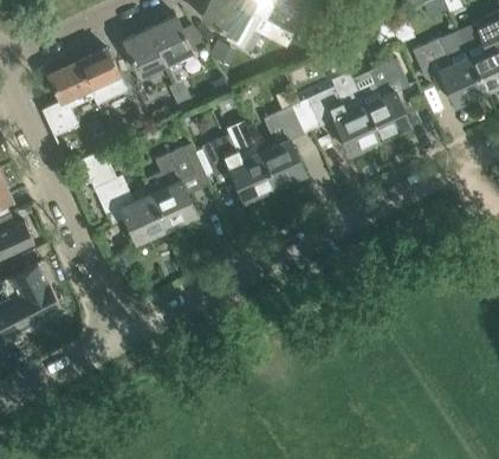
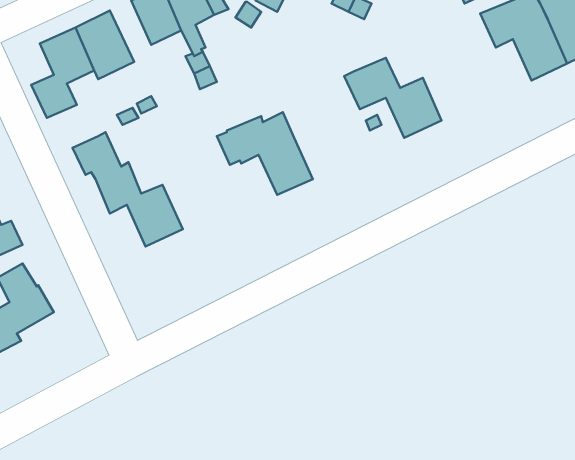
building: [351,58,409,138] -> none
building: [258,102,312,187] -> none
building: [144,148,196,228] -> none

